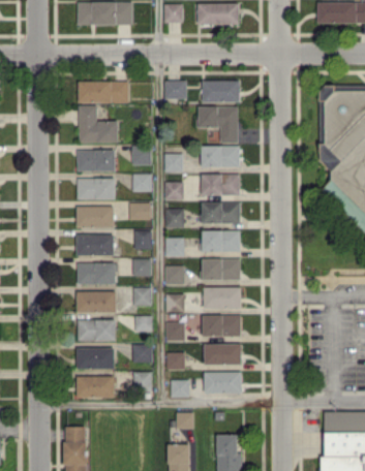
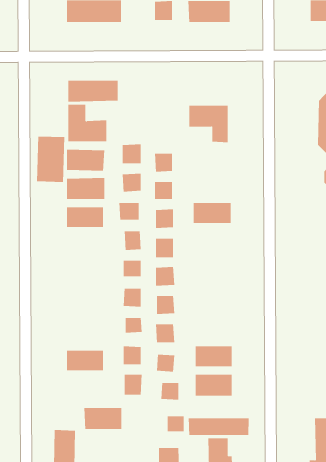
building: [202,80,240,102] -> none
building: [164,81,186,99] -> none
building: none -> [36,136,65,183]
building: [201,146,239,167] -> none
building: [201,174,240,195] -> none
building: [202,230,240,252] -> none
building: [75,236,114,256] -> none
building: [202,258,240,280] -> none
building: [77,262,115,284] -> none
building: [203,287,241,309] -> none
building: [75,291,116,313] -> none
building: [202,315,240,337] -> none
building: [78,320,115,341] -> none
building: [75,376,114,398] -> [83,408,122,430]
building: none -> [188,418,249,436]

